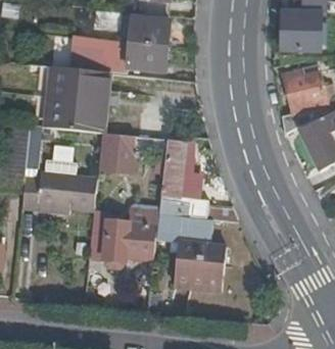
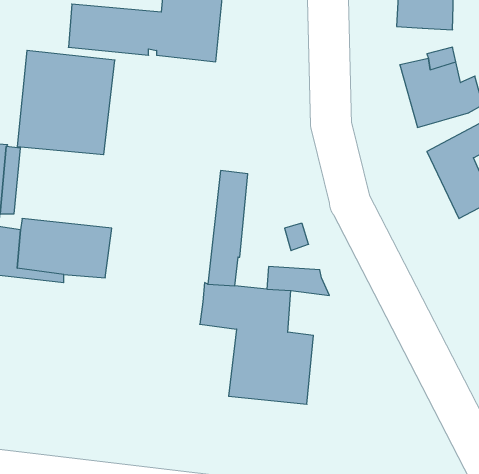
building: [99,133,138,171] -> none
building: [90,210,157,267] -> none

